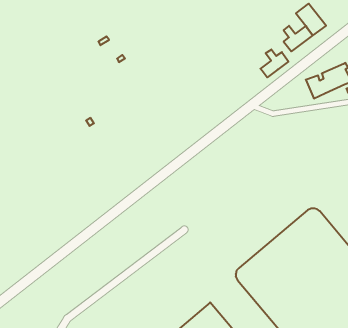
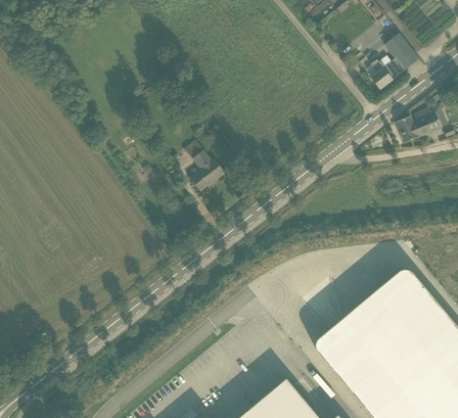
building: [260,49,288,77] -> none
building: none -> [185,140,225,190]

